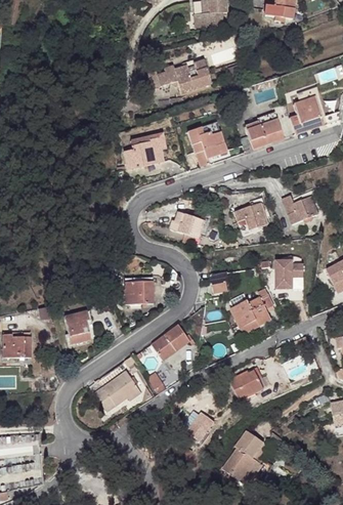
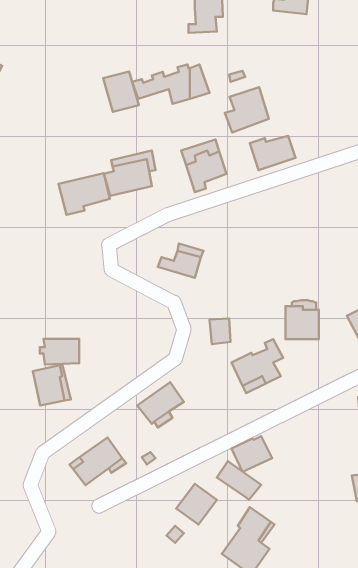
building: none -> [103,71,139,112]
building: [289,95,326,133] -> [225,87,269,132]
building: none -> [59,173,110,215]
building: [282,196,318,223] -> none
building: [233,203,267,229] -> none
building: [120,282,153,303] -> [40,339,79,364]
building: none -> [217,461,261,500]

